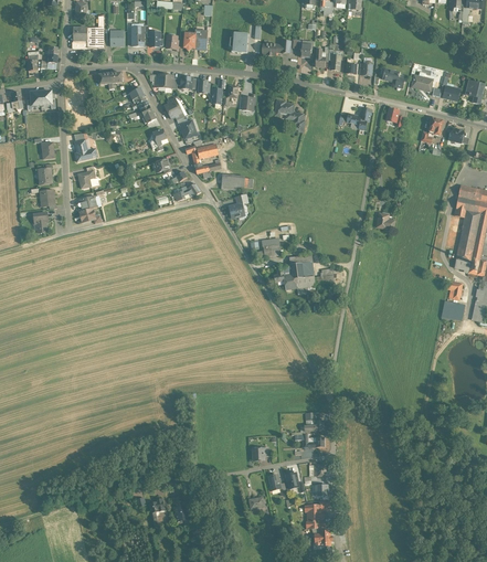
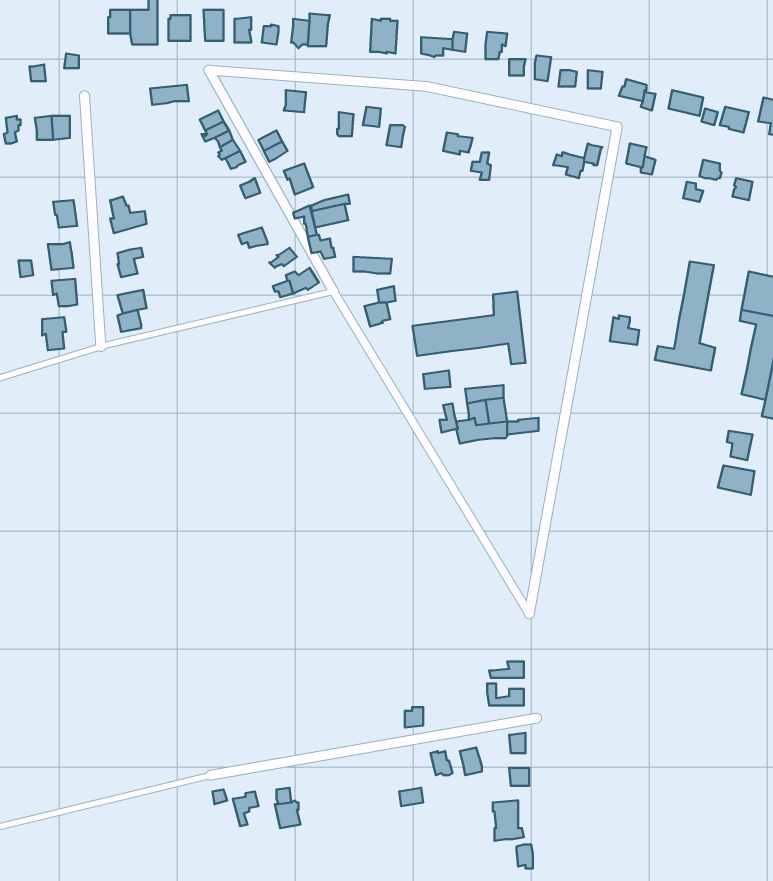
building: none -> [655,262,715,371]
building: none -> [412,291,526,364]

